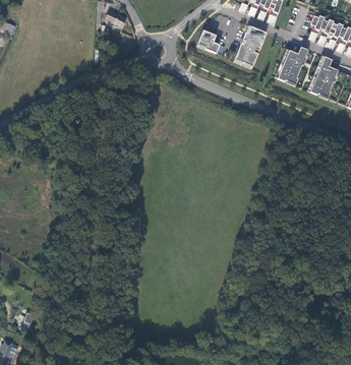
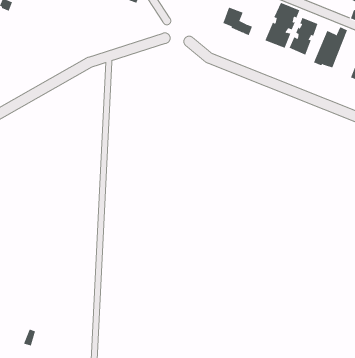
building: none -> [289,17,318,55]

